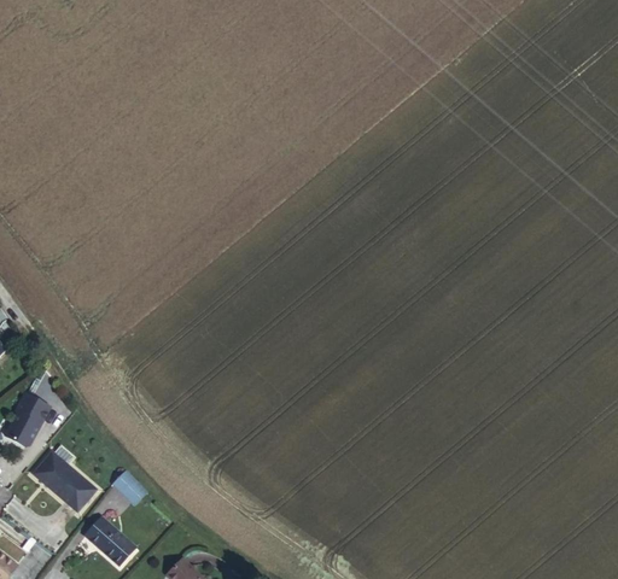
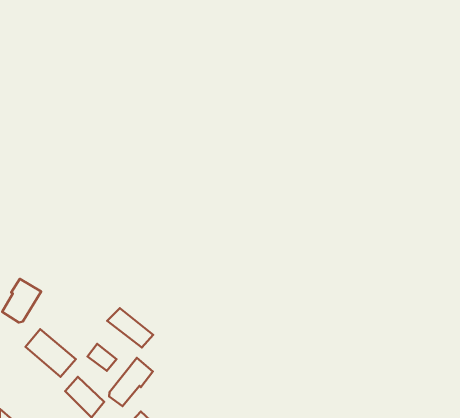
building: none -> [107,308,153,347]
building: none -> [109,358,153,406]

